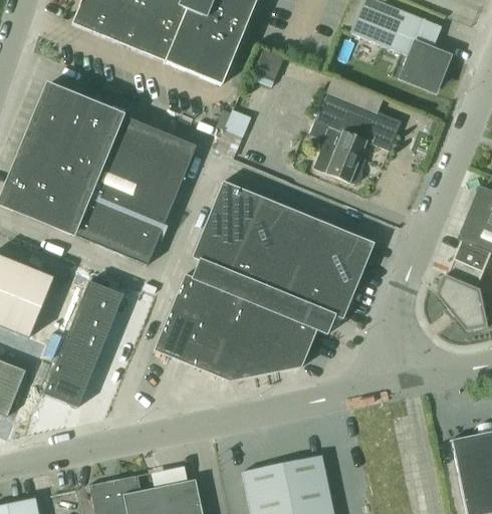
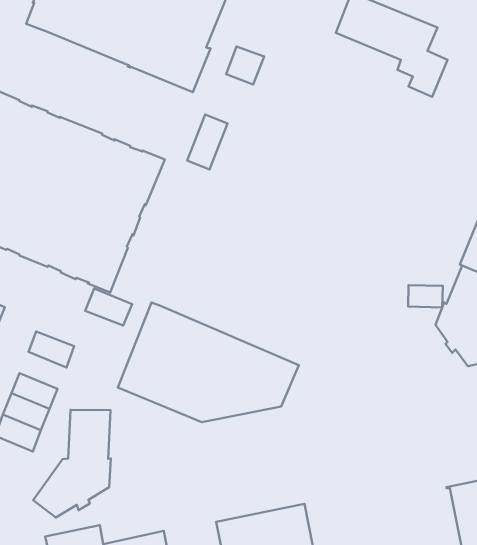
building: [314,89,402,183] -> none
building: [192,180,375,333] -> none
building: none -> [408,285,443,307]
building: [81,279,124,312] -> [85,288,132,325]
building: [66,317,108,350] -> none
building: none -> [33,410,111,518]

